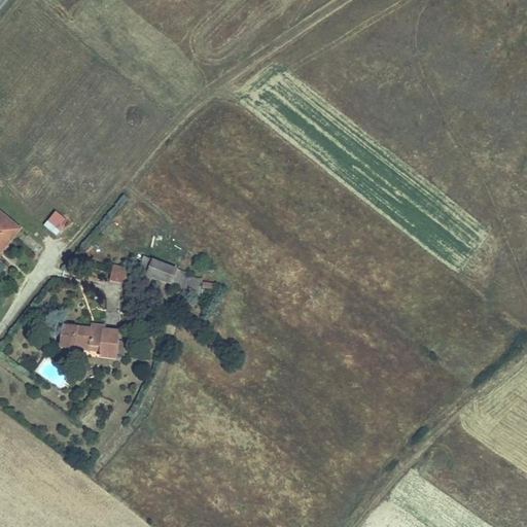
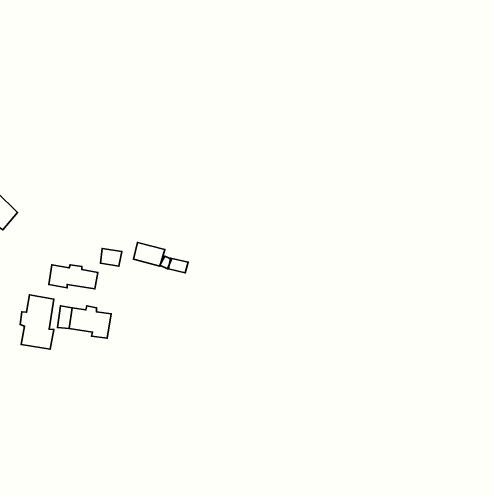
building: none -> [49,265,98,289]
building: none -> [20,295,54,349]

